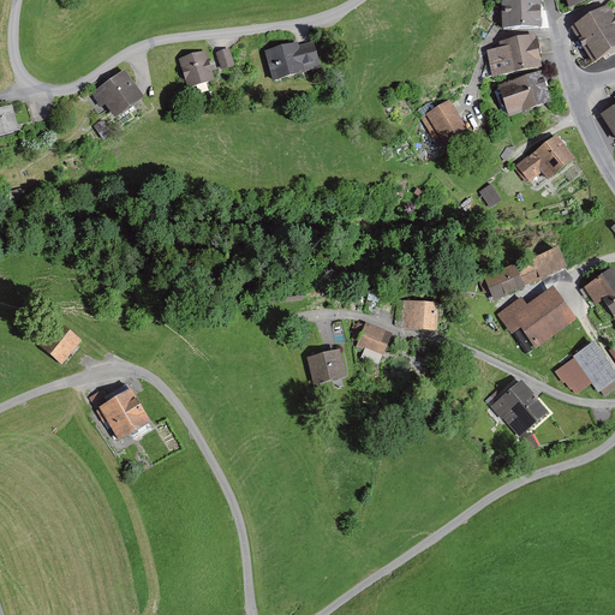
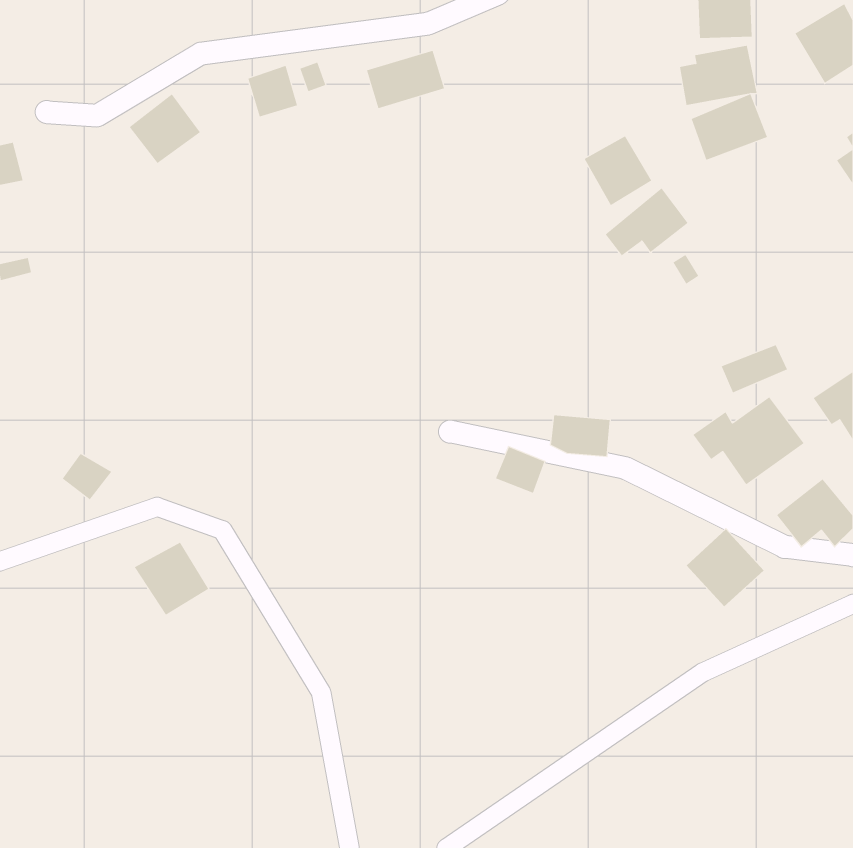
building: [515,131,575,180] -> [605,188,689,256]
building: [483,263,525,299] -> none
building: [306,348,345,382] -> none

